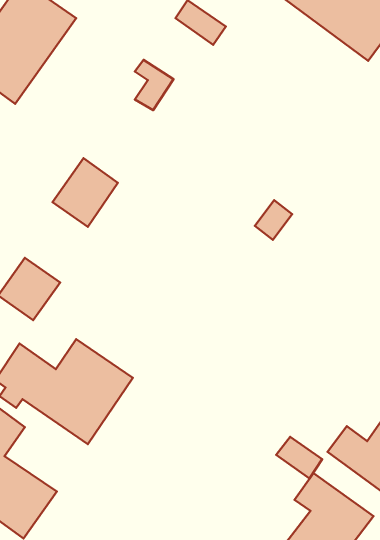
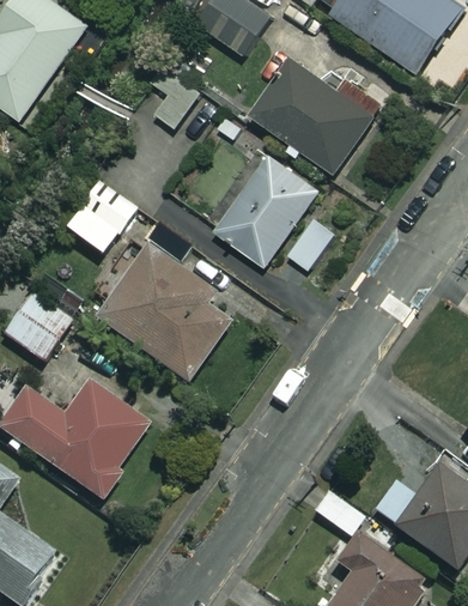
building: none -> [254,57,373,169]
building: none -> [217,154,318,263]
building: none -> [97,246,233,382]

